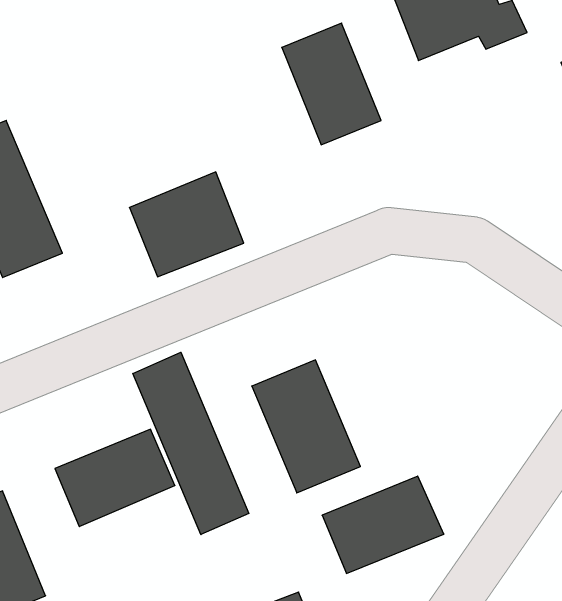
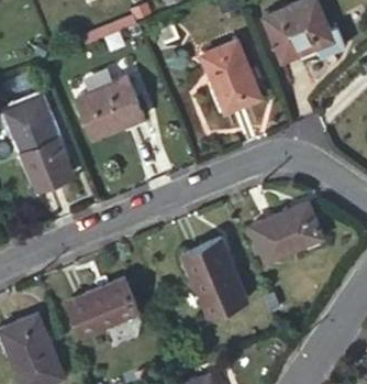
building: [129,172,244,277] -> [76,77,143,139]
building: [133,352,249,535] -> none
building: [322,476,444,573] -> [252,202,323,260]

